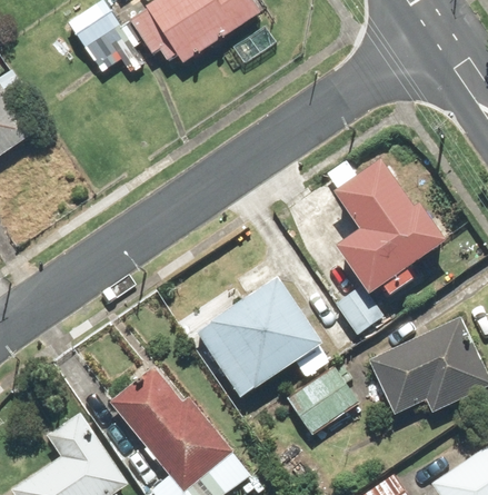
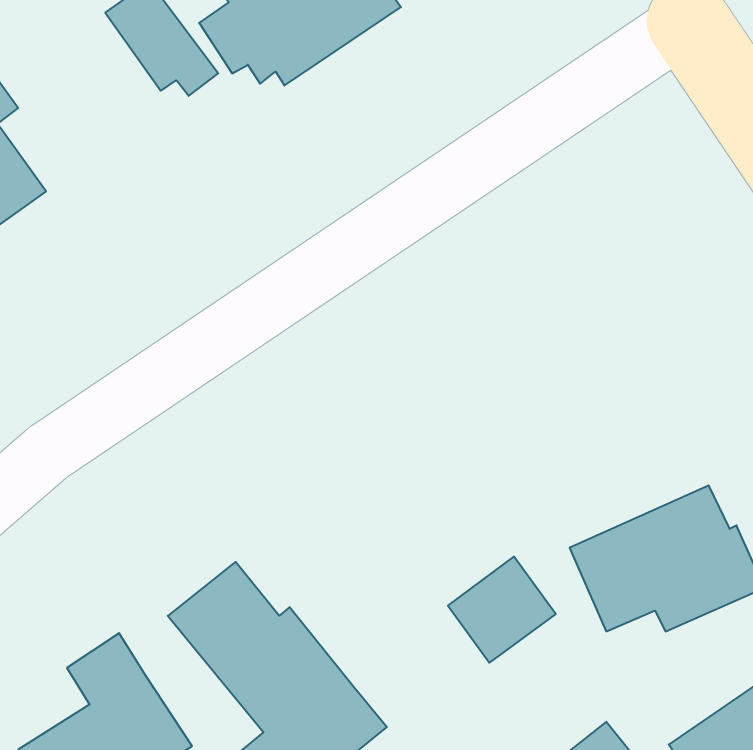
building: [333,160,446,334] -> none
building: [197,276,328,396] -> none

